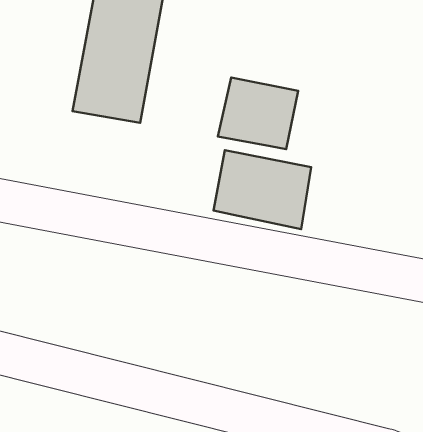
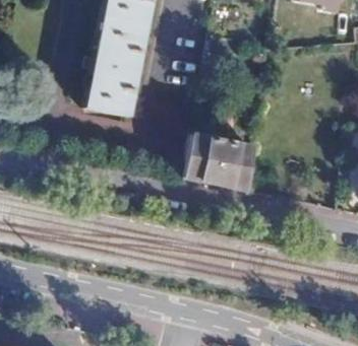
building: [218,78,298,149] -> none

